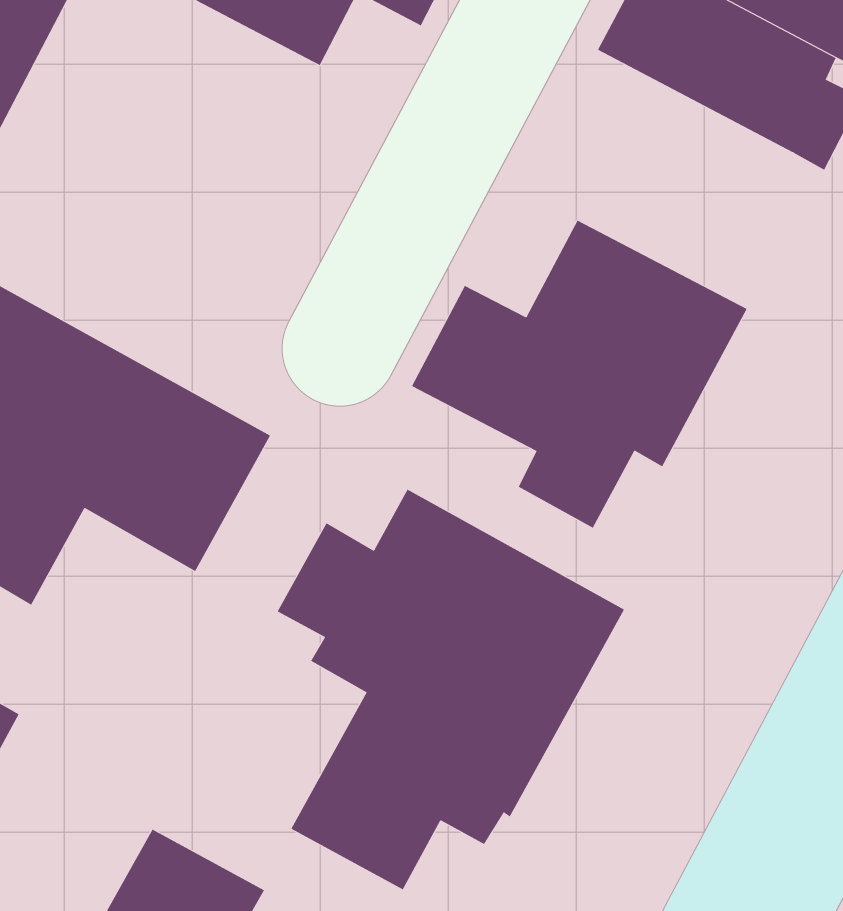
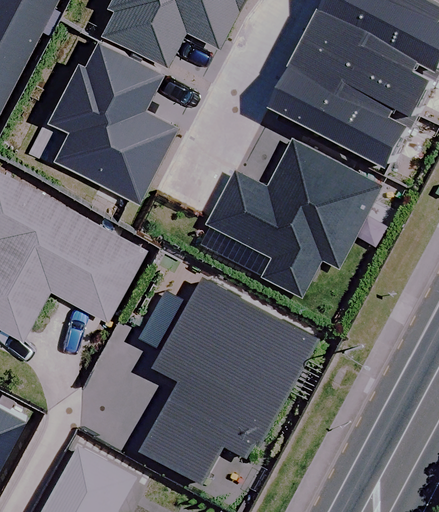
building: none -> [47,39,173,199]
building: none -> [275,56,414,170]

